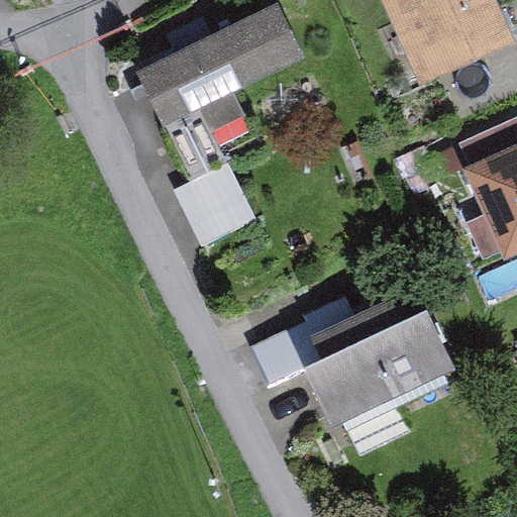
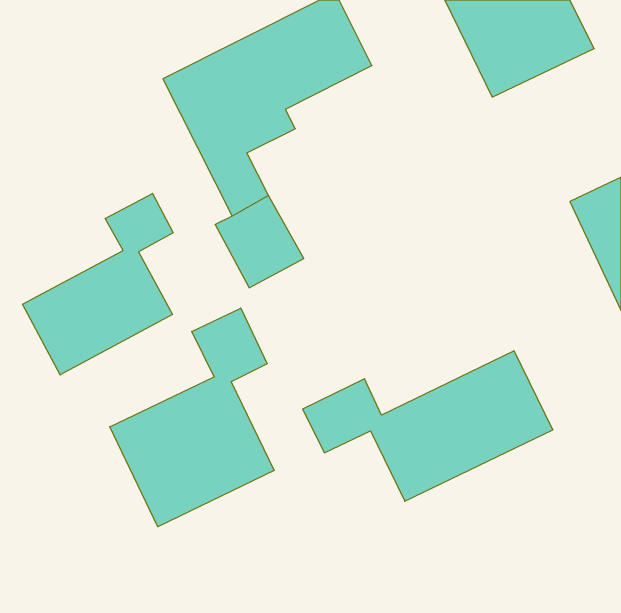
building: none -> [23,193,173,375]
building: none -> [110,308,274,527]

